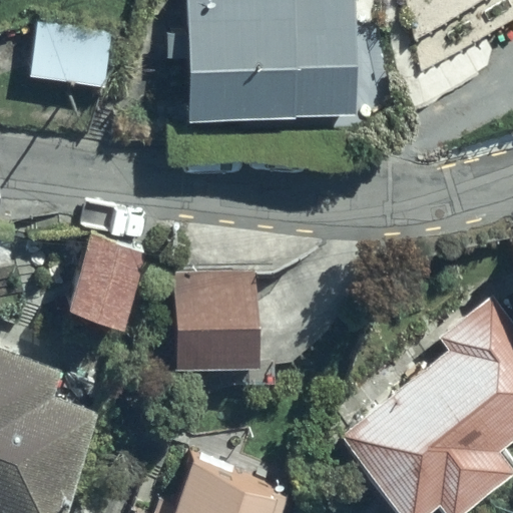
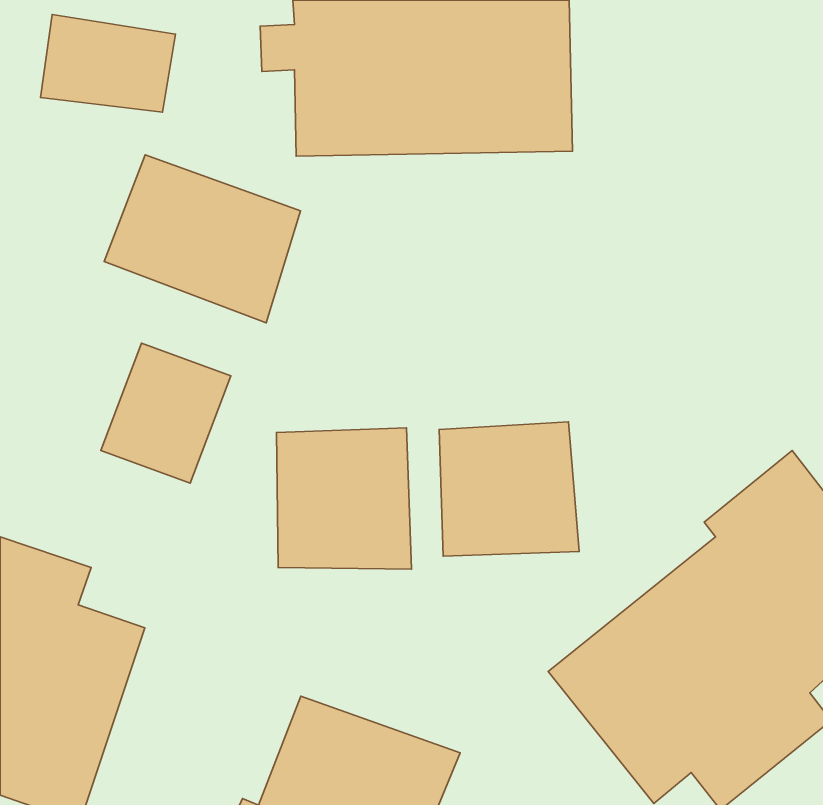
building: none -> [104,155,301,323]
building: none -> [439,422,579,556]

